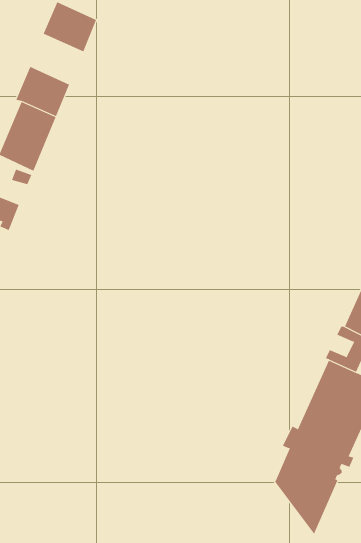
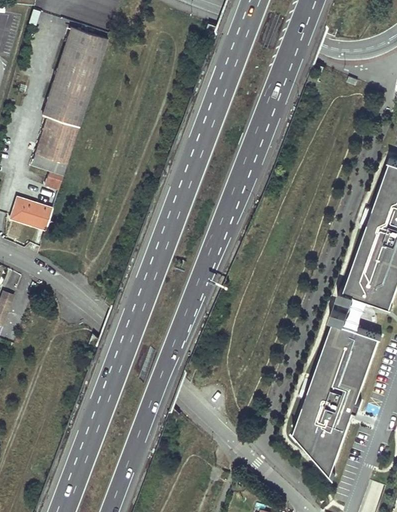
building: none -> [51,58,97,100]

